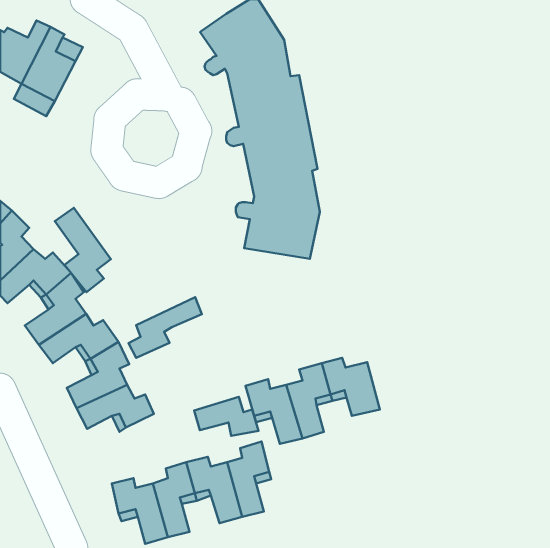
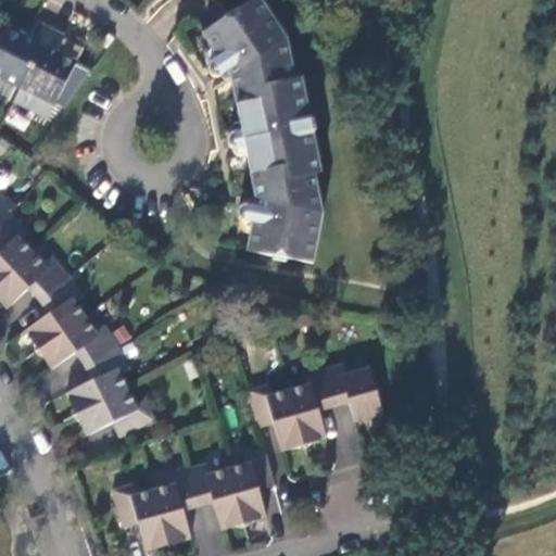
building: [55,208,111,292] -> none
building: [129,297,202,358] -> none
building: [194,397,259,436] -> none

